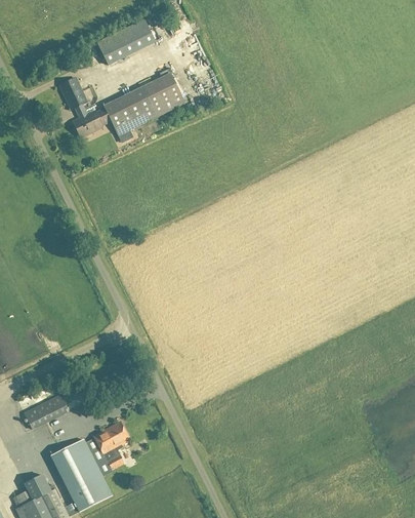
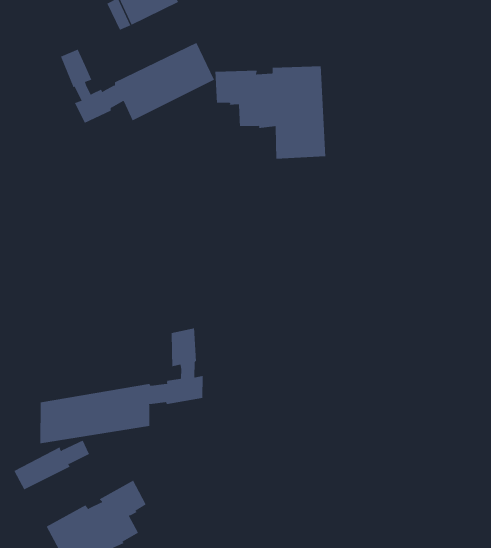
building: none -> [215,65,326,159]
building: none -> [40,328,203,444]

